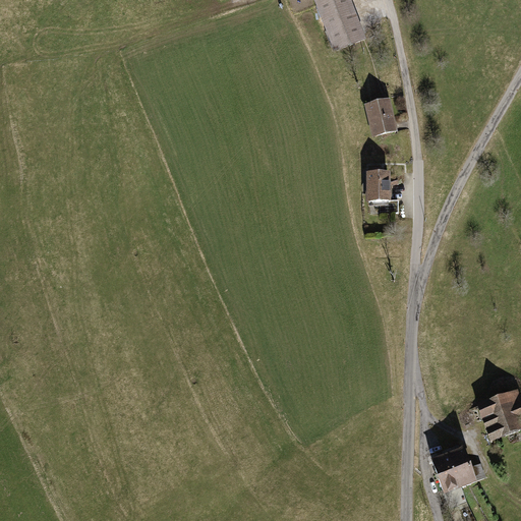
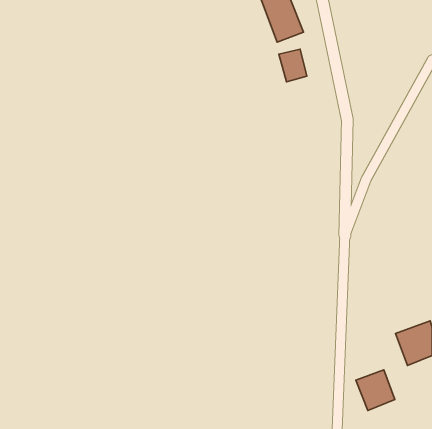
building: [363,97,397,136] -> [279,49,307,82]
building: [366,170,390,199] -> none

